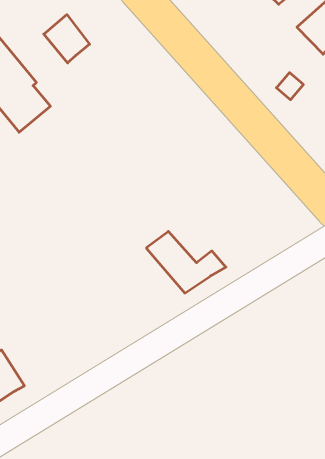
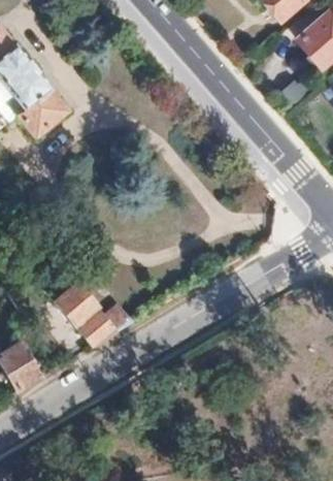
building: [44,15,90,63] -> none
building: [147,231,226,293] -> [55,287,130,346]

